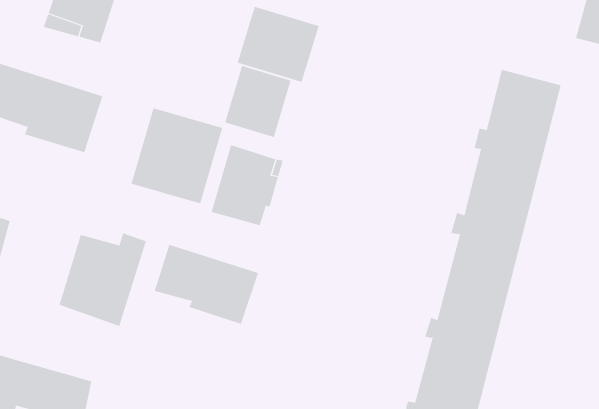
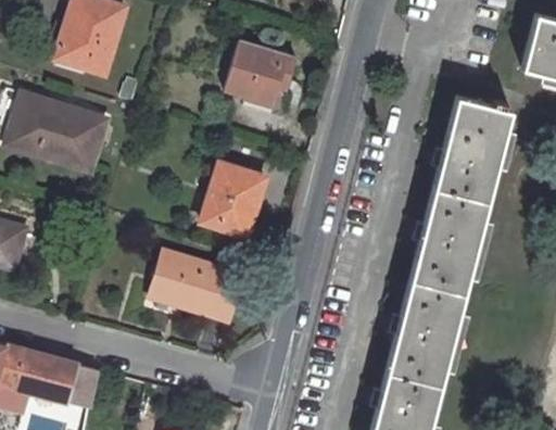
building: [224,65,291,138] -> none
building: [131,107,223,204] -> none
building: [59,232,147,327] -> none

